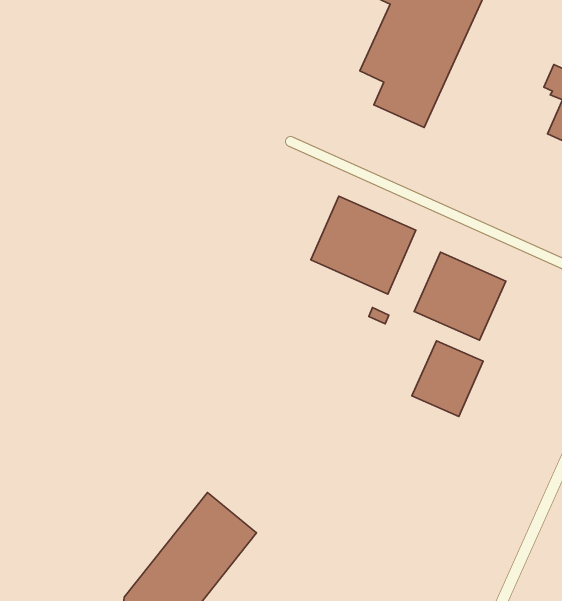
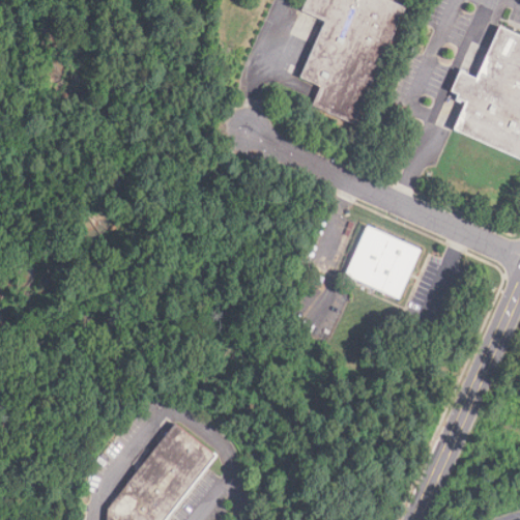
building: [311,196,416,294] -> none
building: [412,341,483,416] -> none

